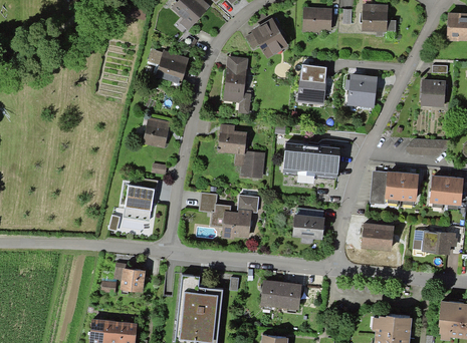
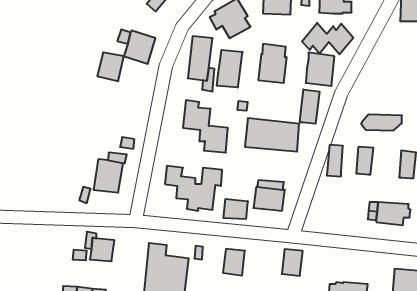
building: none -> [302,23,353,54]
building: none -> [217,50,242,88]
building: [421,79,446,107] -> none
building: none -> [300,89,319,124]
building: [143,117,171,147] -> [97,52,124,81]
building: [385,170,403,201] -> none
building: [430,176,448,205] -> none
building: [362,223,394,252] -> none
building: none -> [223,199,248,219]
building: [280,282,302,310] -> [282,249,303,276]

